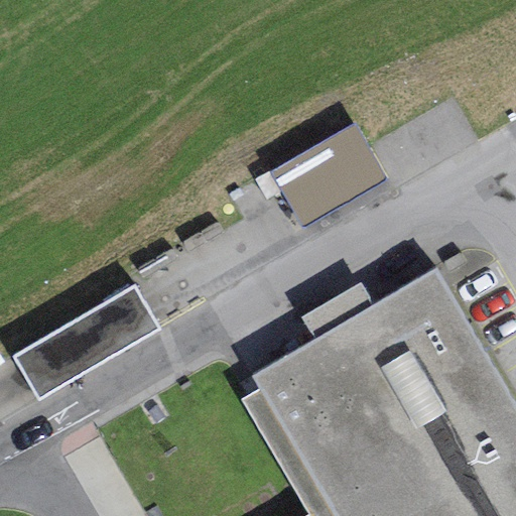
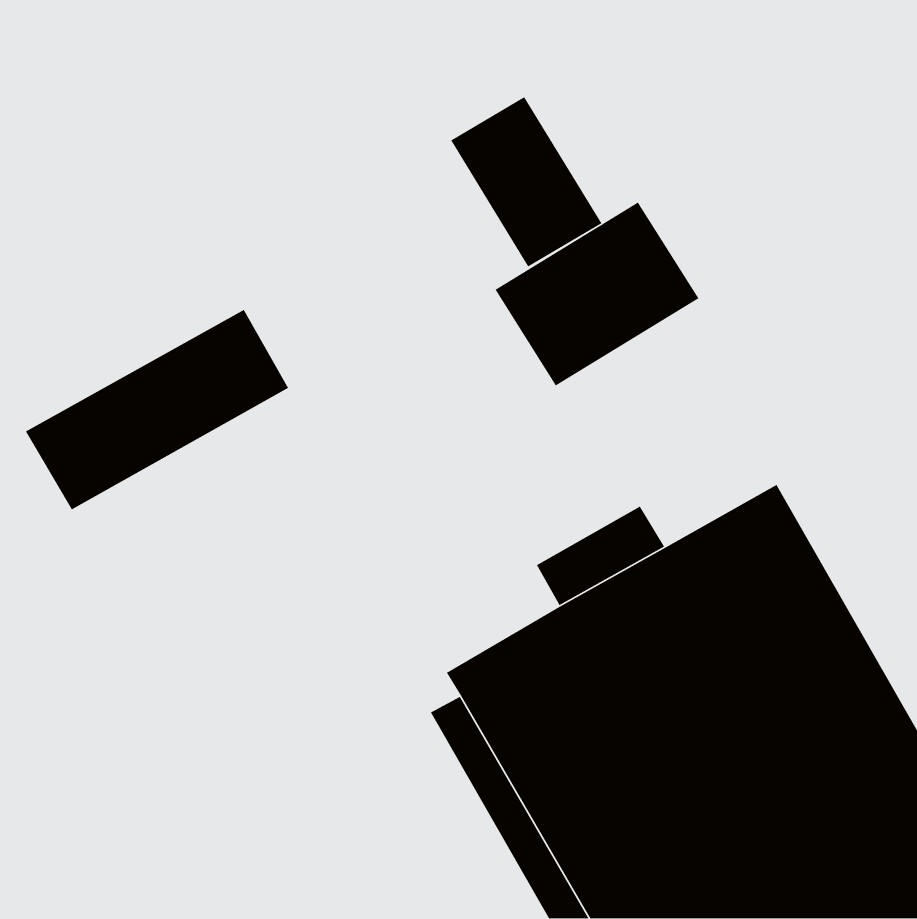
building: none -> [450,96,603,268]
building: [12,288,160,401] -> [25,309,289,510]

